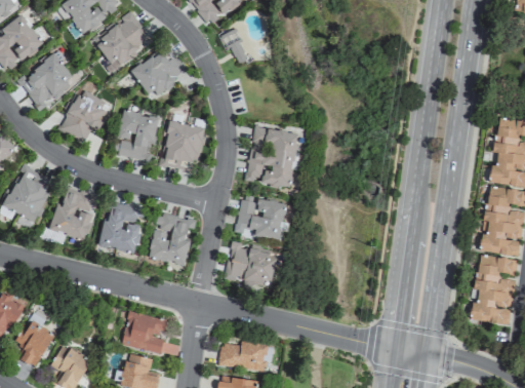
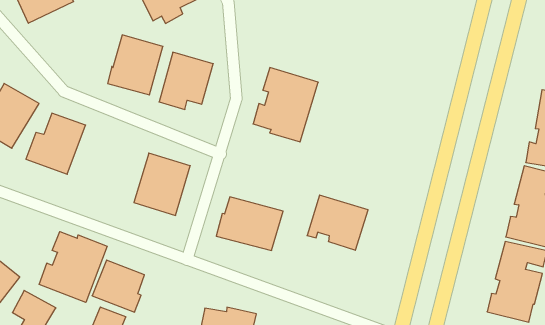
building: [58,89,112,144] -> none
building: [235,195,286,240] -> [307,195,368,250]
building: [98,203,143,253] -> none
building: none -> [39,232,107,302]

